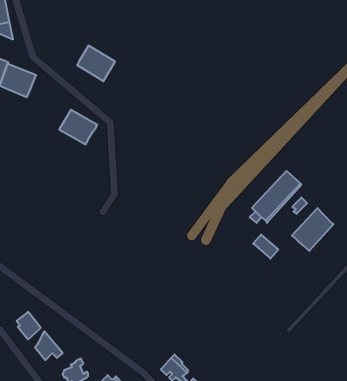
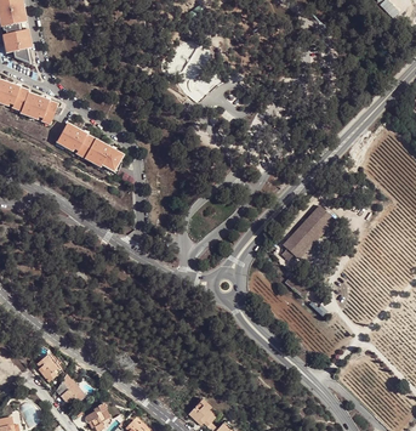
building: [77,45,115,81] -> [53,123,93,160]
building: [292,208,334,251] -> none

